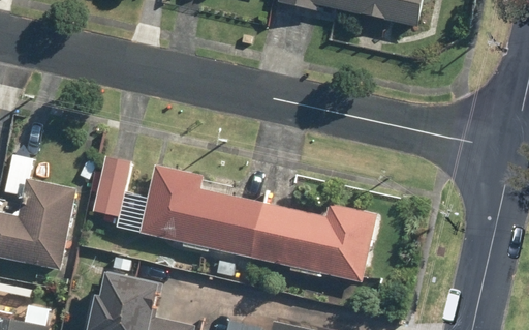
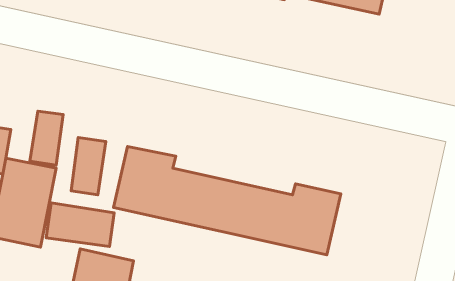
building: none -> [30,111,63,165]
building: none -> [46,203,114,247]

